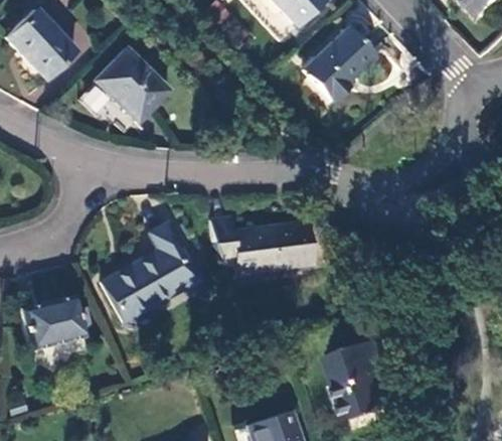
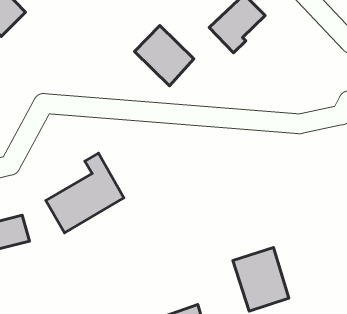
building: [95,47,168,122] -> [135,26,194,86]
building: [212,216,314,274] -> none

